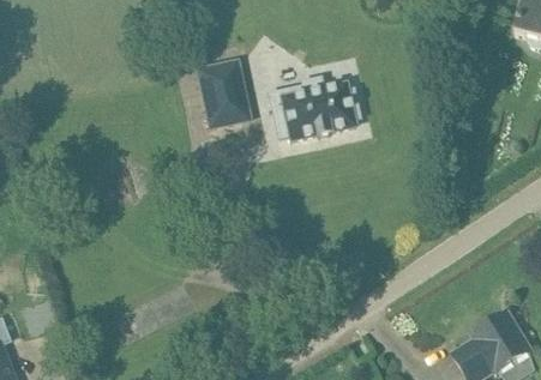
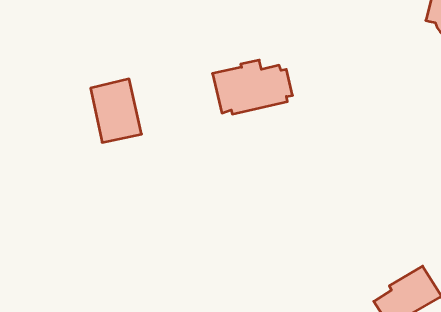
building: [194,58,253,131] -> [91,79,142,142]

